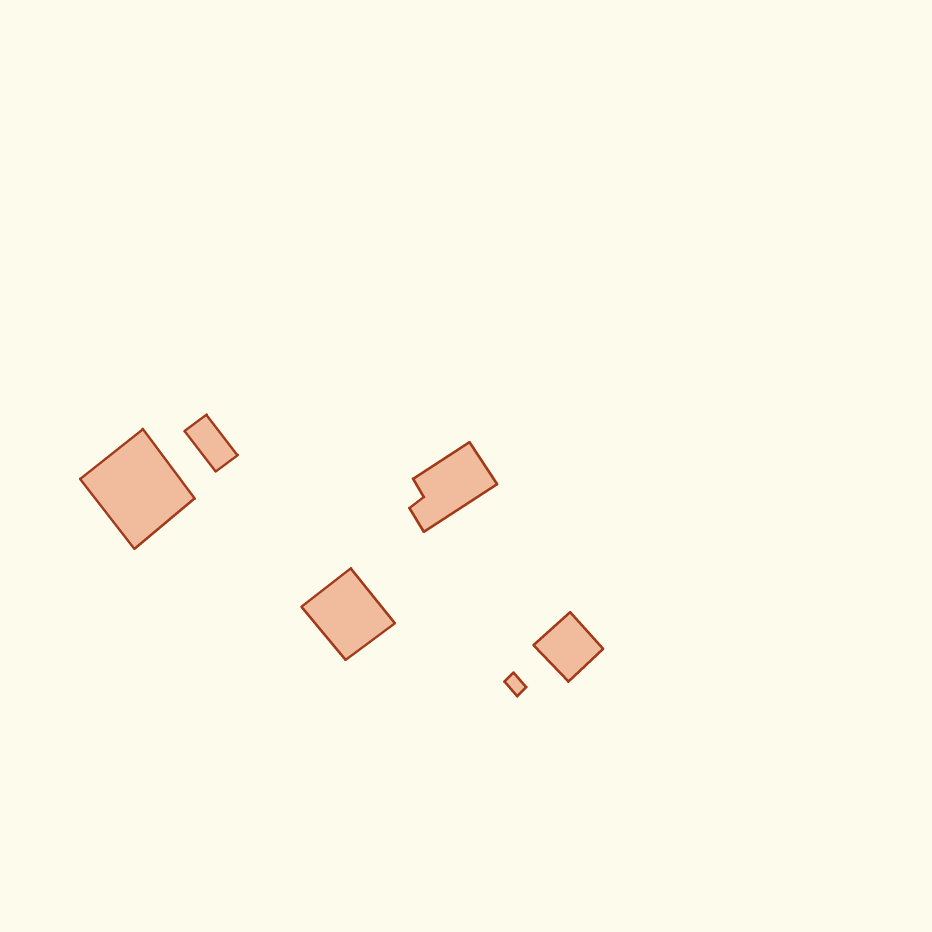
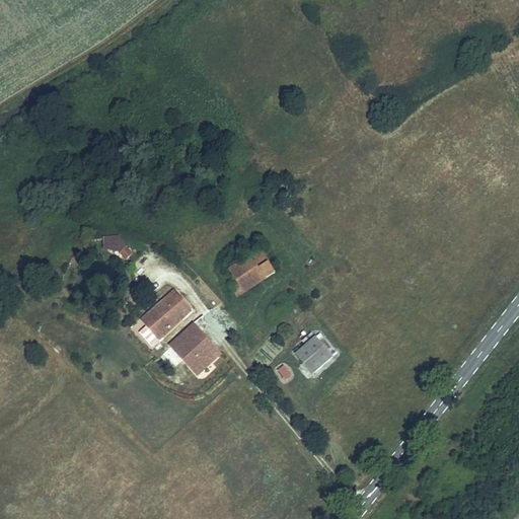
building: [80,429,195,549] -> none
building: none -> [138,290,191,340]

